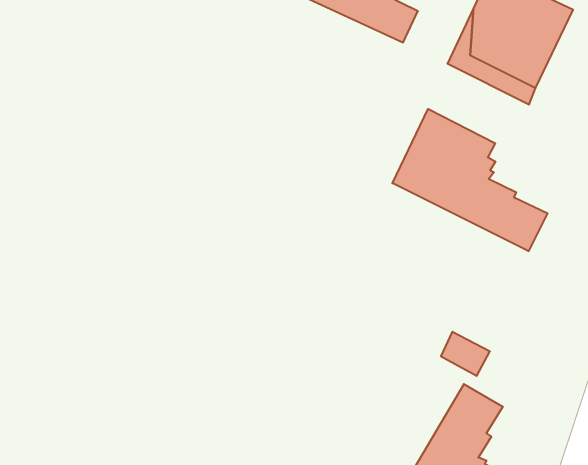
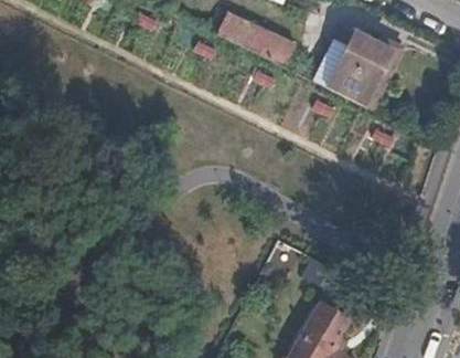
building: [392,109,548,251] -> none

